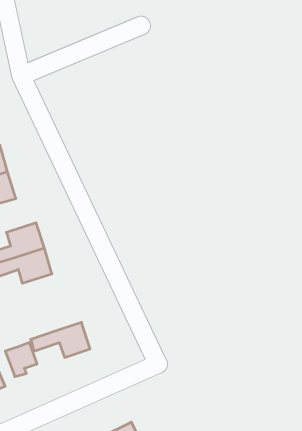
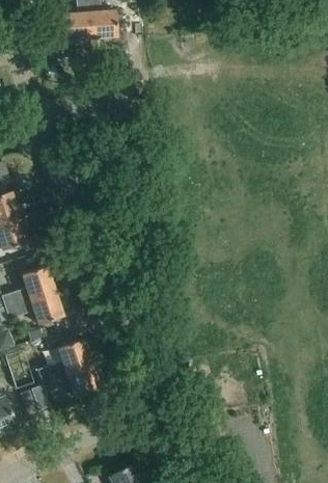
building: none -> [38,337,92,379]

